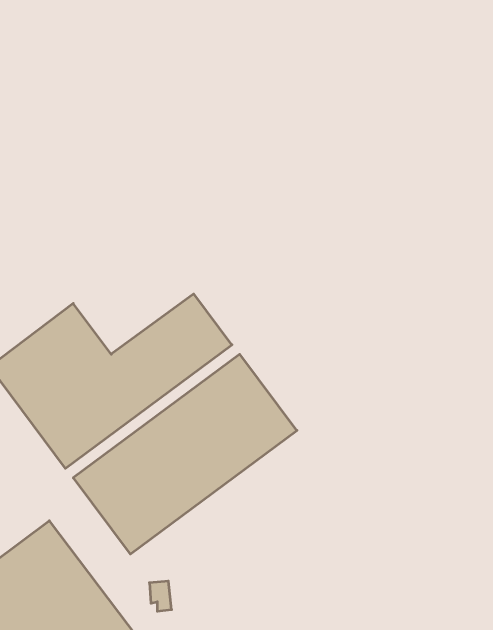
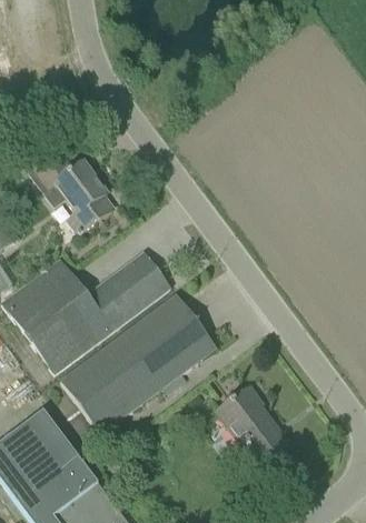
building: none -> [29,150,111,231]
building: none -> [216,385,288,475]

